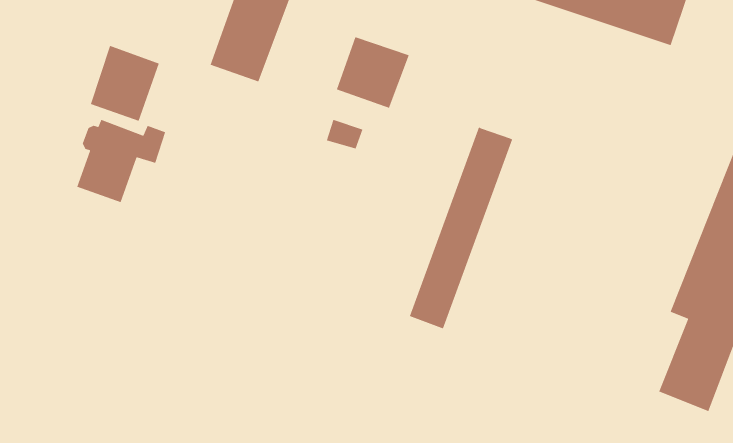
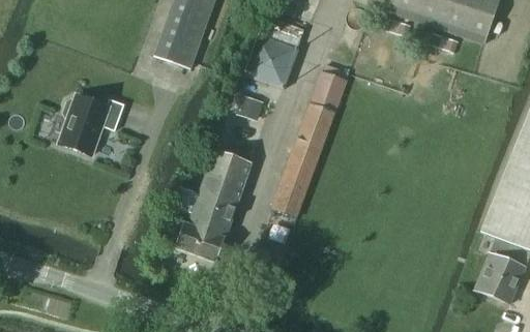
building: [90,45,160,122] -> none
building: [409,126,513,330] -> [272,71,347,216]
building: none -> [176,150,252,261]

